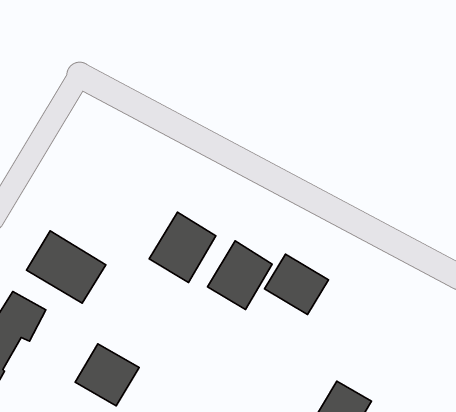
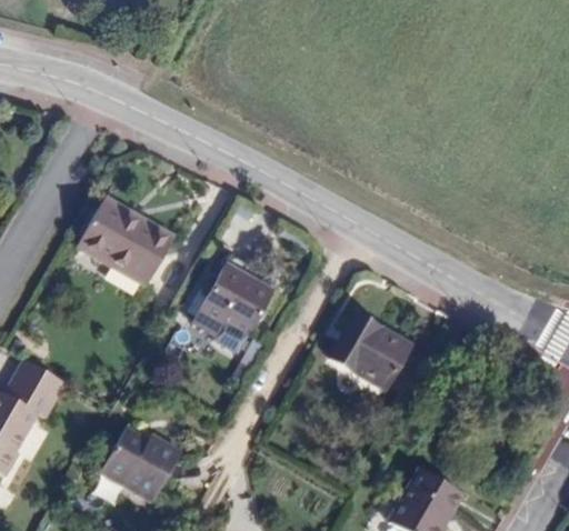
building: [26,231,106,303] -> [79,197,176,284]
building: [207,241,272,310] -> none

